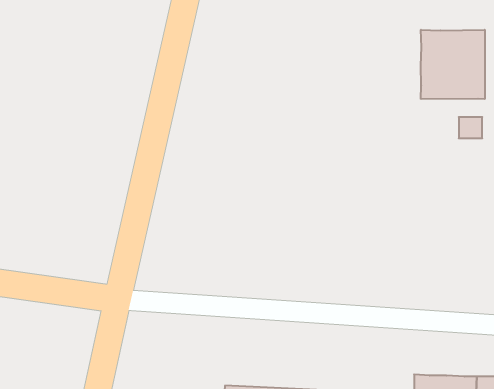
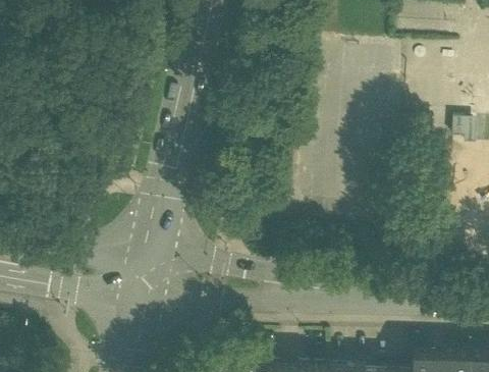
building: [421,30,485,99] -> none

